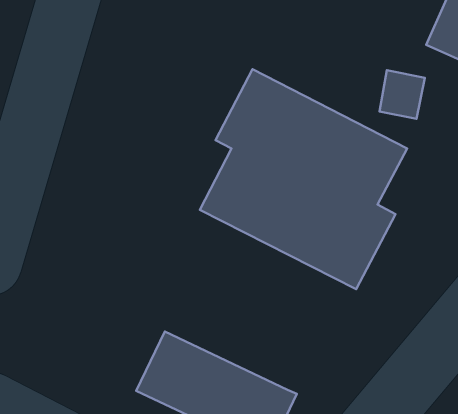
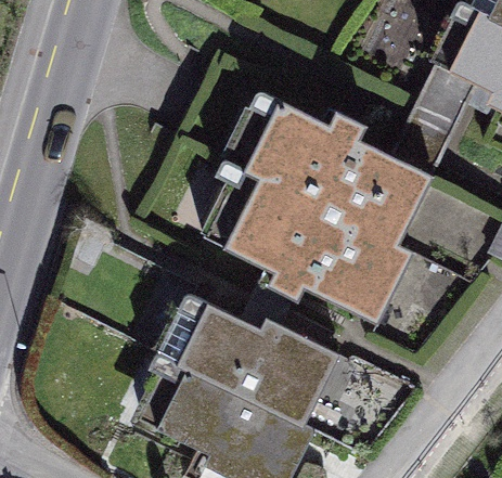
building: none -> [163,298,347,431]

